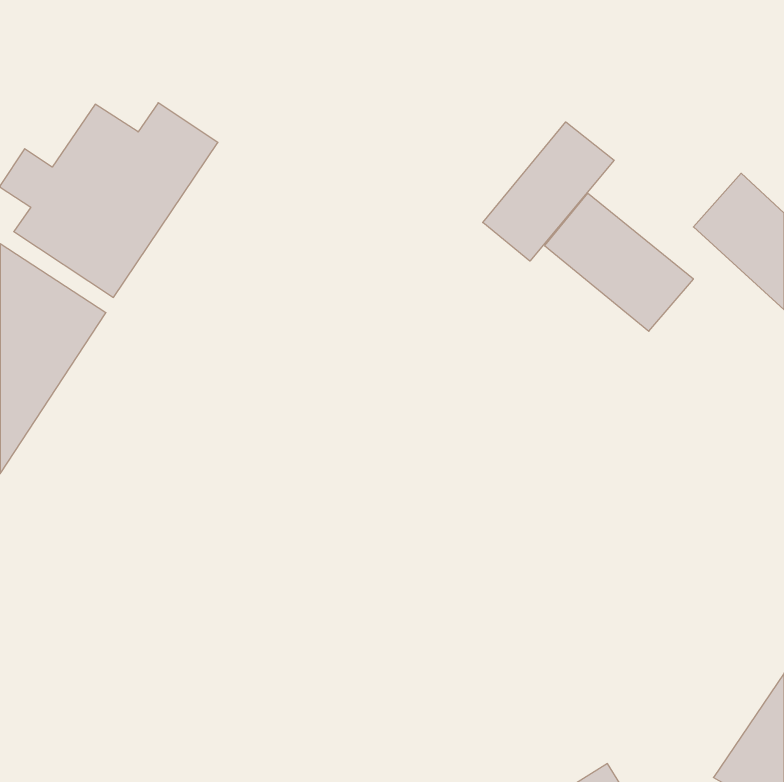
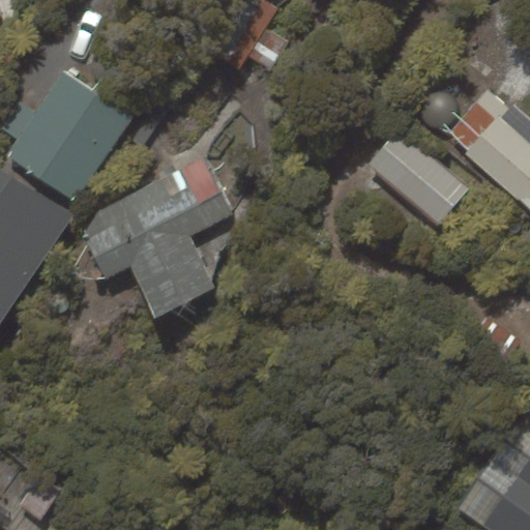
building: [483,122,614,261] -> none
building: none -> [83,159,232,319]

